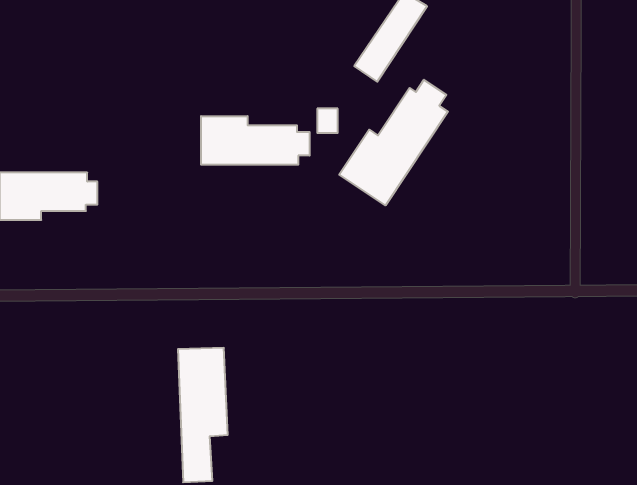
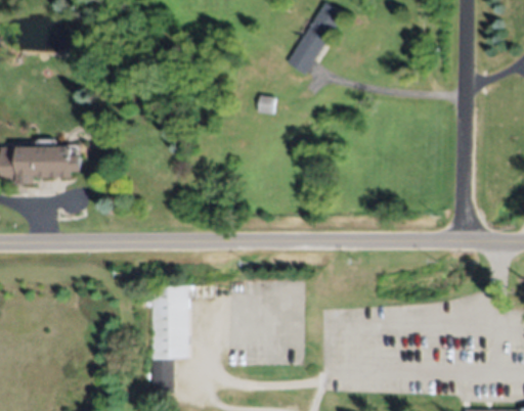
building: [339,80,448,205] -> none
building: [201,116,310,165] -> none

